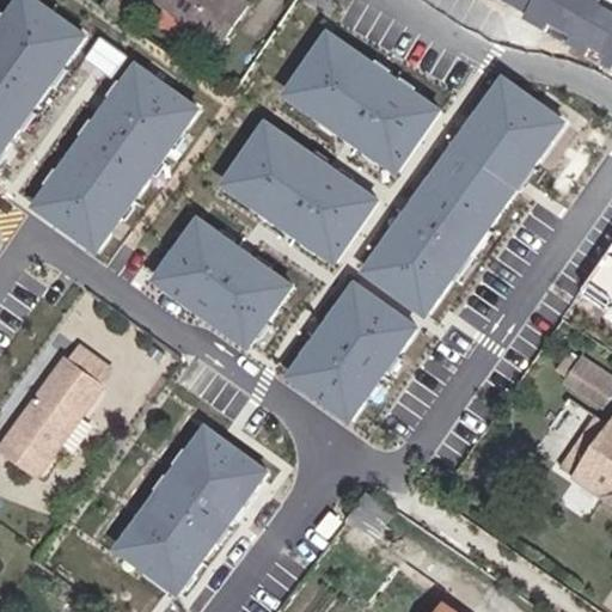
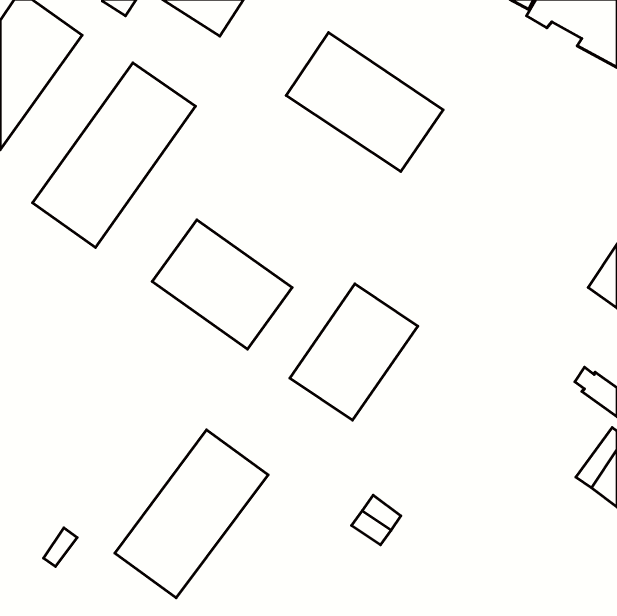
building: [362,78,563,313] -> none
building: [220,121,374,258] -> none
building: [5,360,102,472] -> none

